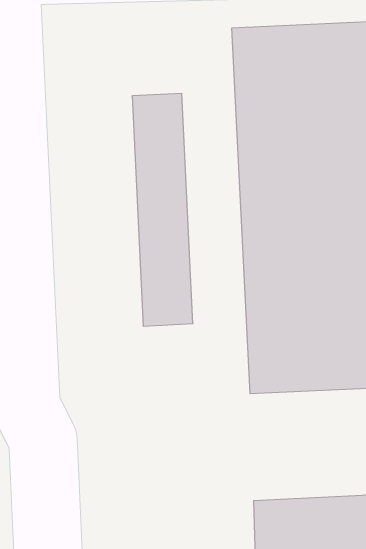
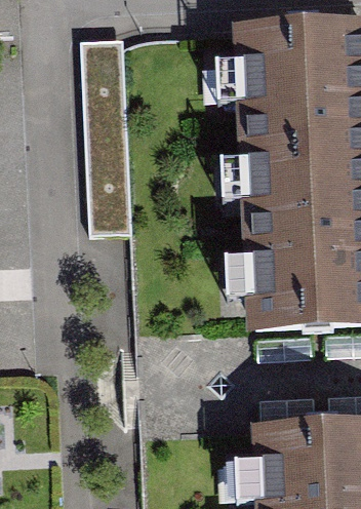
building: [132,94,193,326] -> [81,35,132,231]

